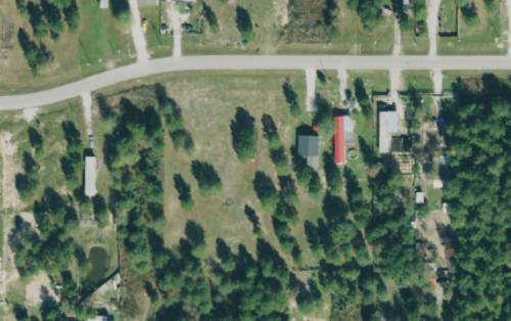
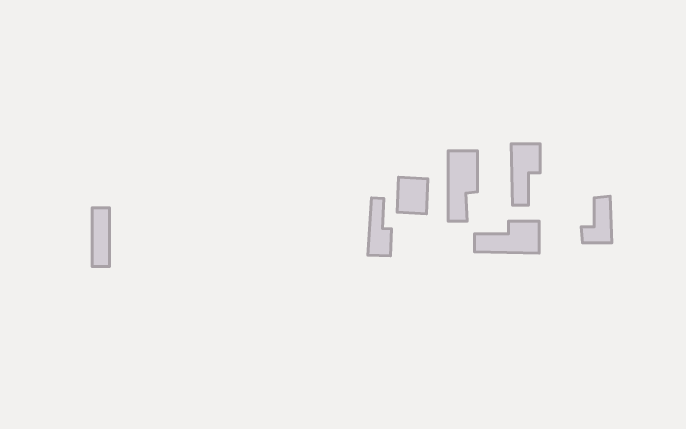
building: none -> [368,198,392,256]
building: none -> [475,221,539,253]

